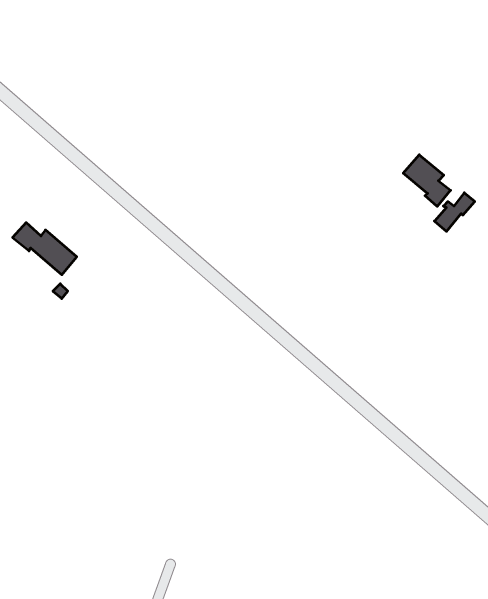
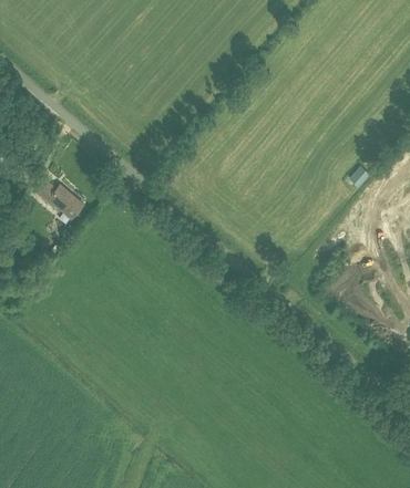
building: [403,155,451,206] -> none

